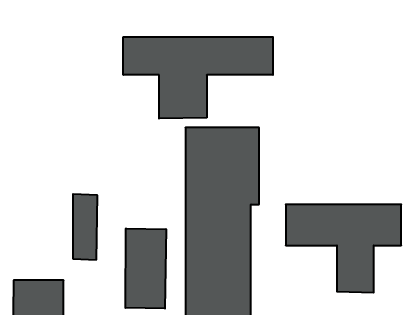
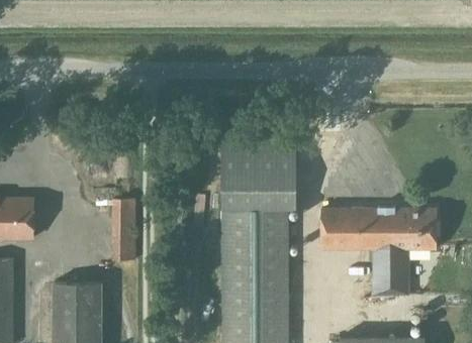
building: [123,37,273,119] -> none
building: [125,228,166,309] -> none

